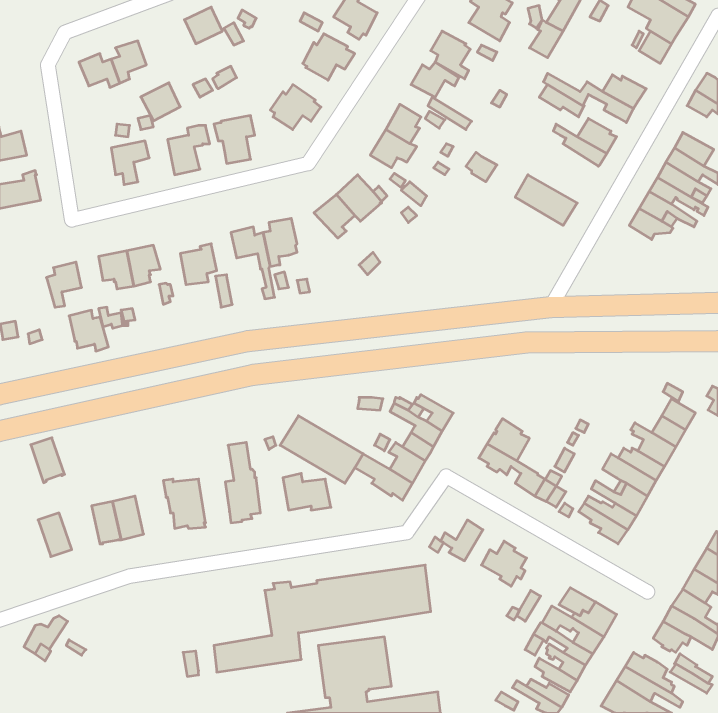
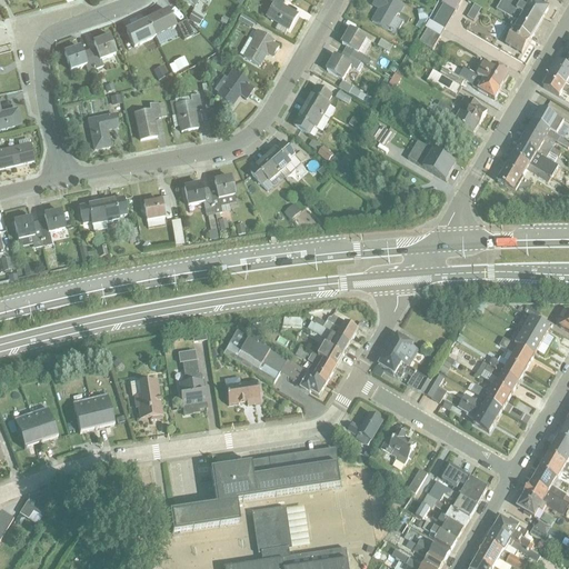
building: [141,83,180,121] -> [123,16,154,46]
building: [69,310,108,351] -> [12,213,43,246]
building: [31,438,65,483] -> [13,410,40,446]

